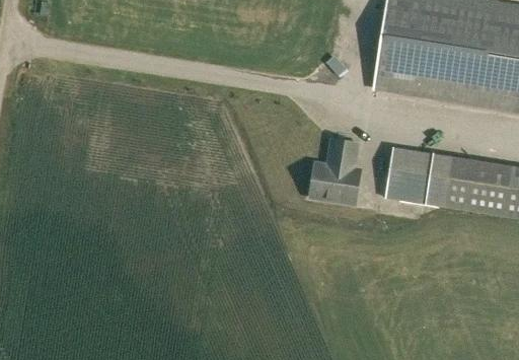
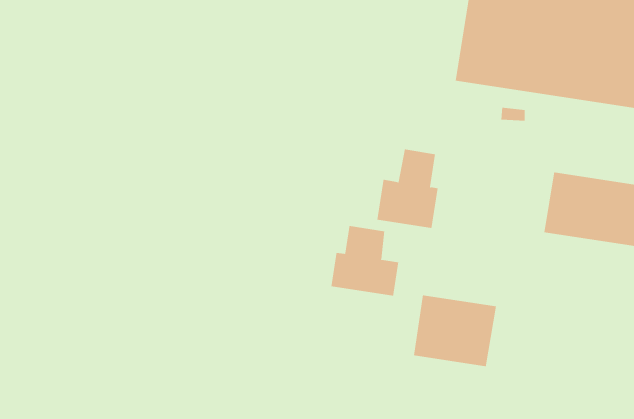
building: [385,147,452,205] -> [413,295,497,367]
building: none -> [331,225,399,296]

